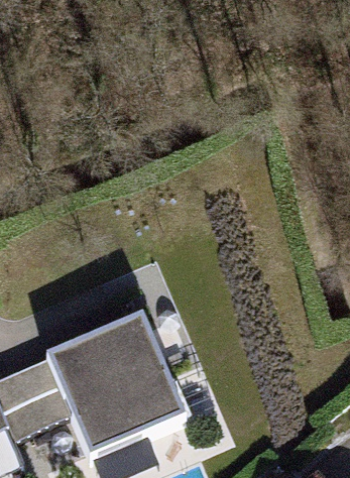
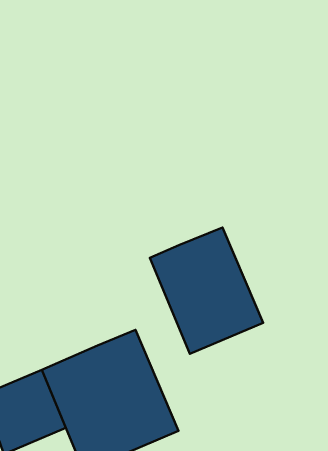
building: none -> [150,228,263,354]

